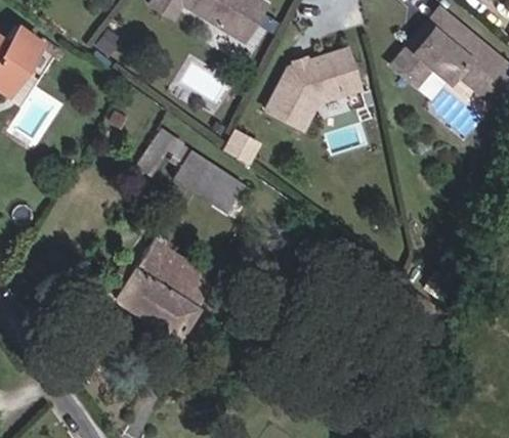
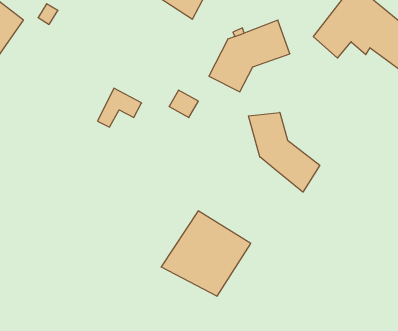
building: [173,151,247,214] -> none
building: none -> [248,112,320,192]
building: [112,239,218,341] -> [161,211,251,296]

